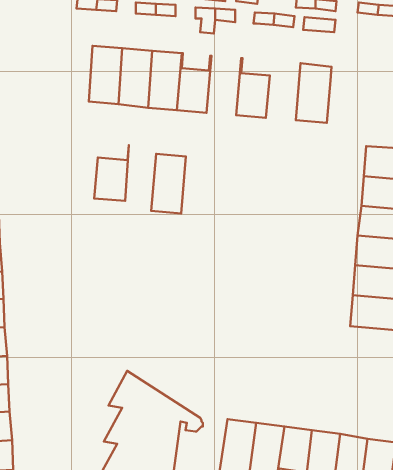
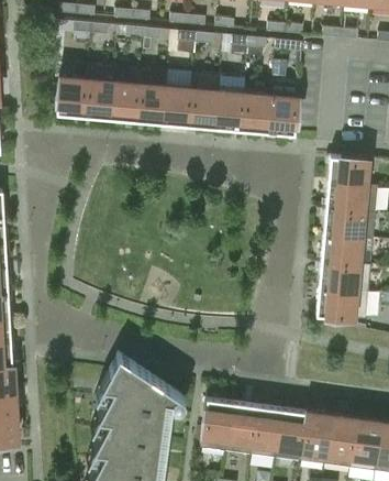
building: none -> [242,81,273,132]
building: [94,145,129,201] -> [57,66,88,116]
building: [151,154,186,213] -> [189,75,220,128]

